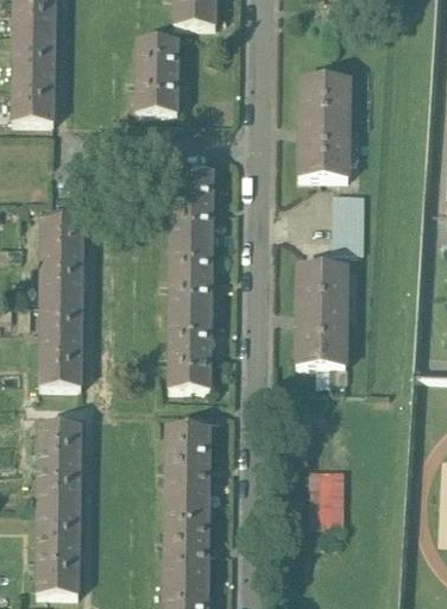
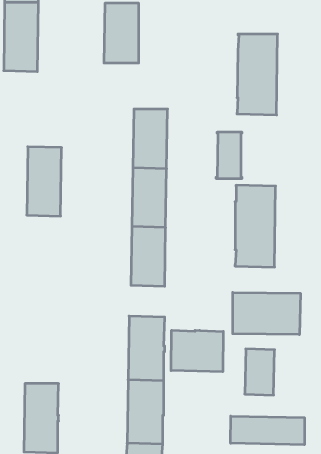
building: [332,189,364,246] -> [216,132,242,178]
building: [39,297,82,383] -> none
building: none -> [233,292,300,335]
building: [38,421,81,506] -> none
building: none -> [171,330,223,372]
building: none -> [231,416,304,445]

